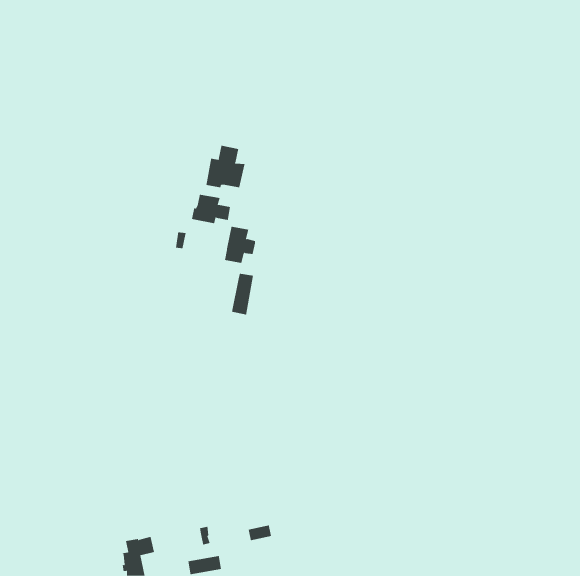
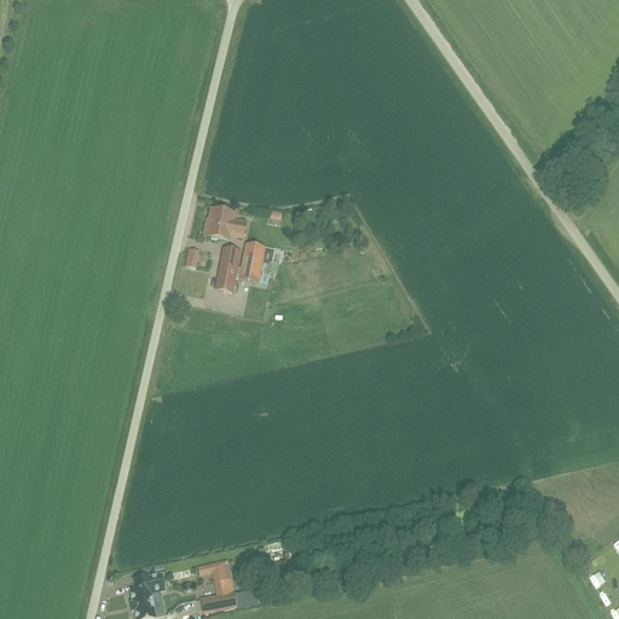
building: [206,145,245,188] -> none
building: [231,273,254,315] -> [216,245,241,290]

